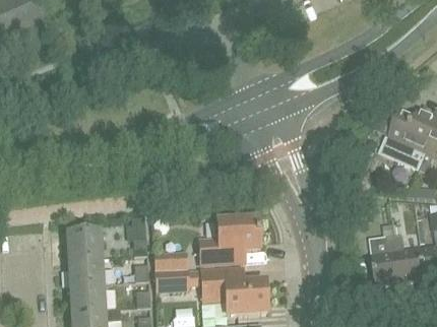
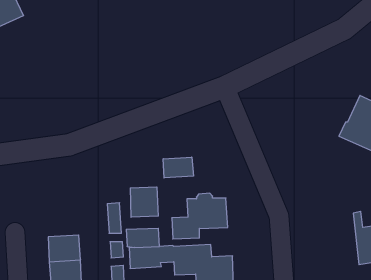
building: none -> [163,157,193,178]
building: none -> [130,187,158,217]
building: [67,231,102,259] -> none
building: [369,234,401,291] -> none

